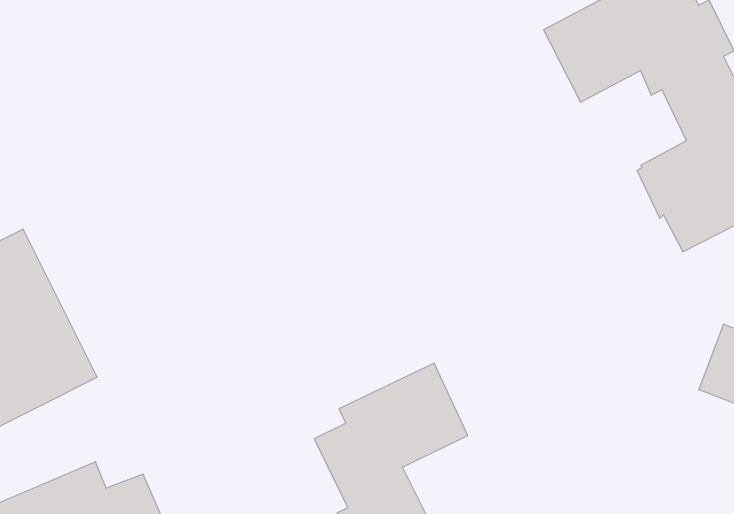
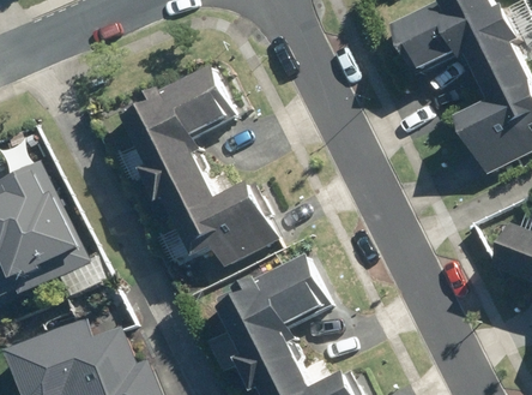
building: none -> [137,62,284,263]

